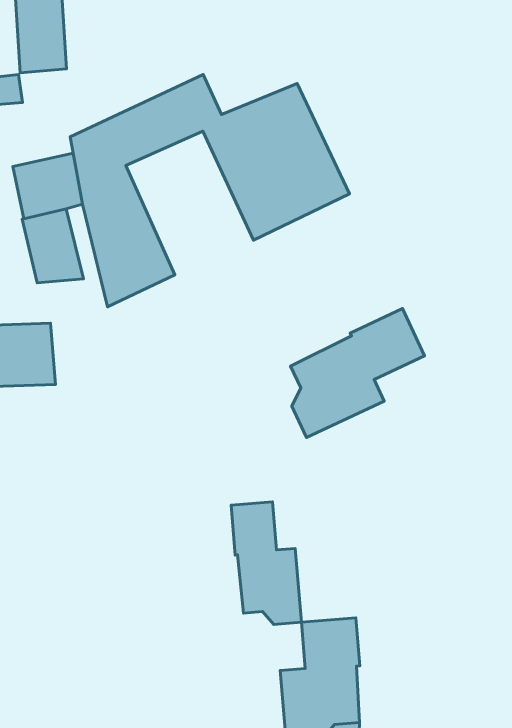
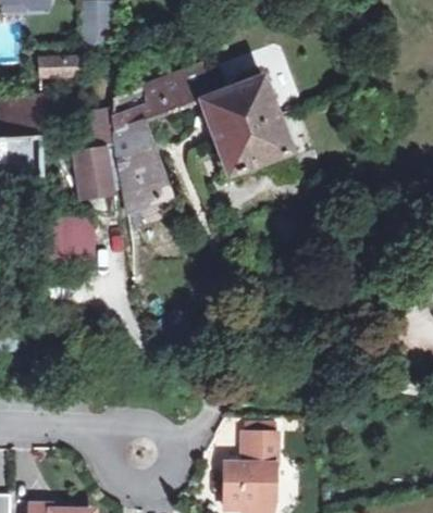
building: [291,308,425,438] -> none
building: [231,502,301,625] -> none

